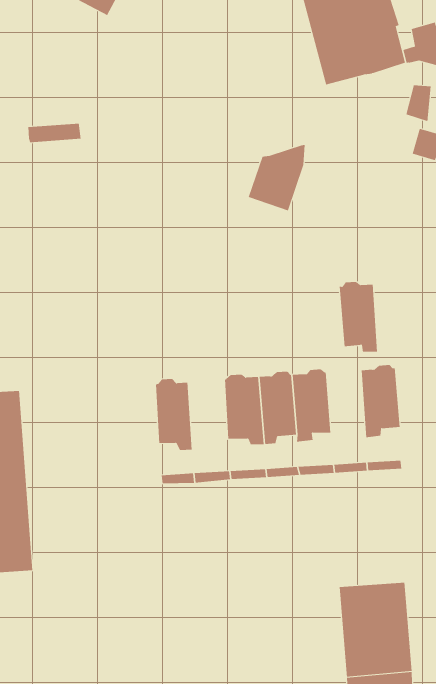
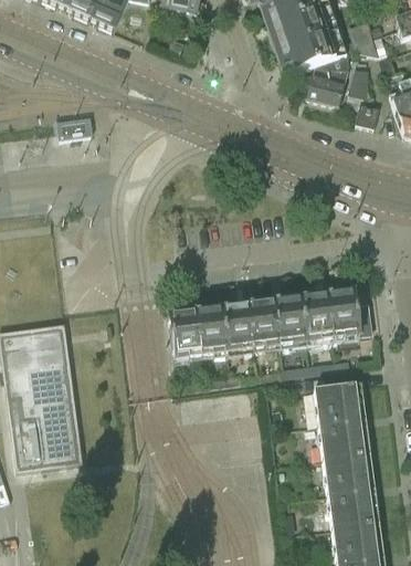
building: [248,145,306,211] -> [306,53,348,105]
building: [339,282,378,352] -> [299,291,333,345]
building: none -> [193,303,226,361]
building: none -> [310,384,370,460]

